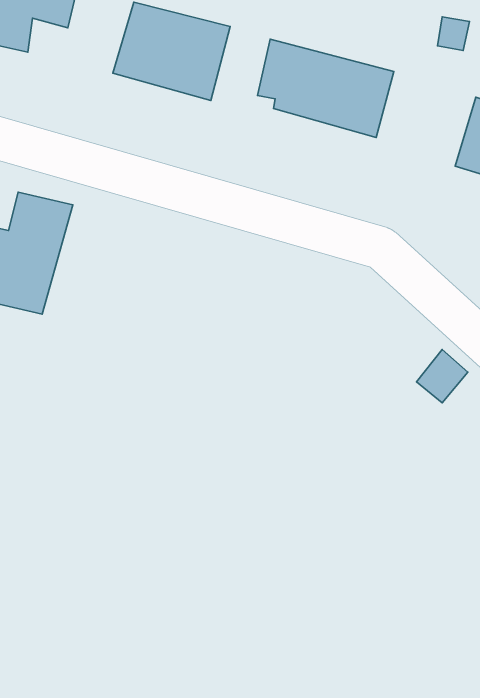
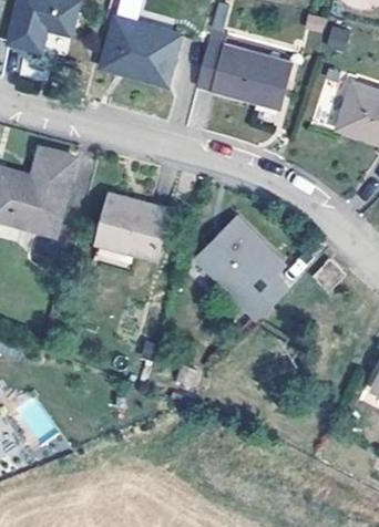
building: none -> [98,192,166,256]
building: none -> [196,217,289,319]

